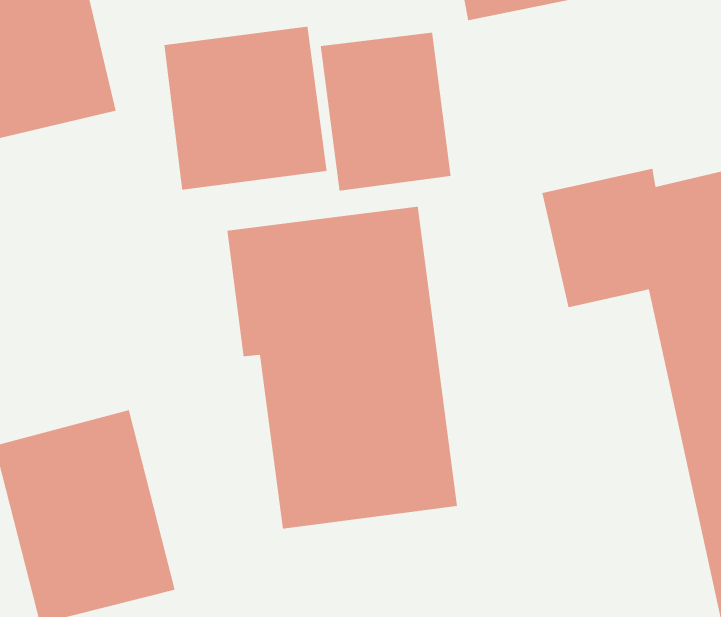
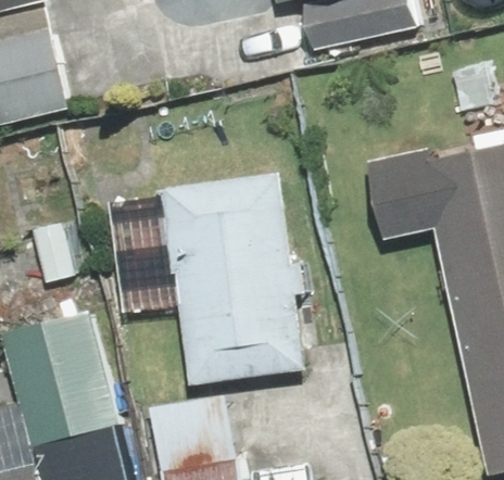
building: [164,26,327,191] -> none
building: [320,32,451,191] -> none

